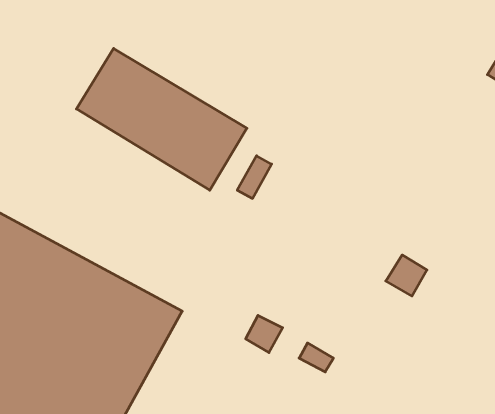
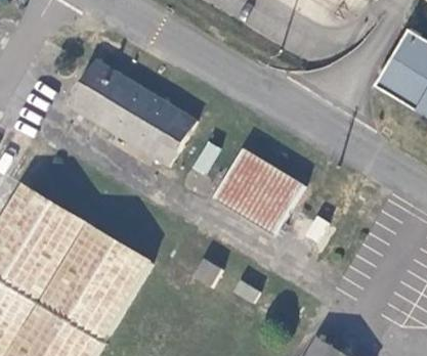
building: none -> [216,151,306,237]

